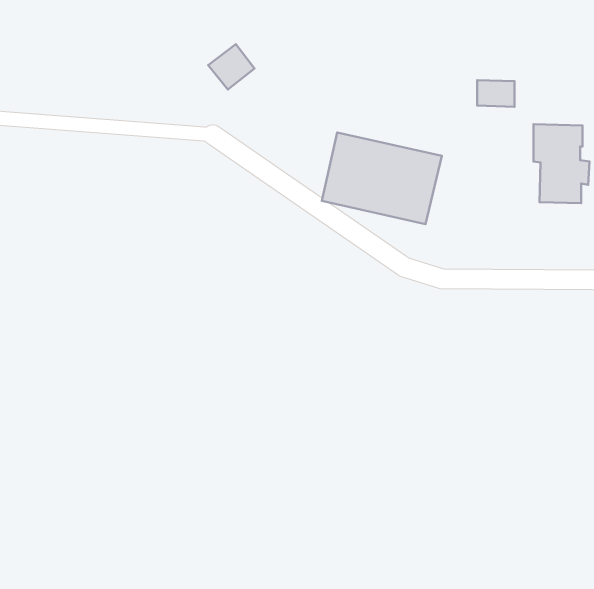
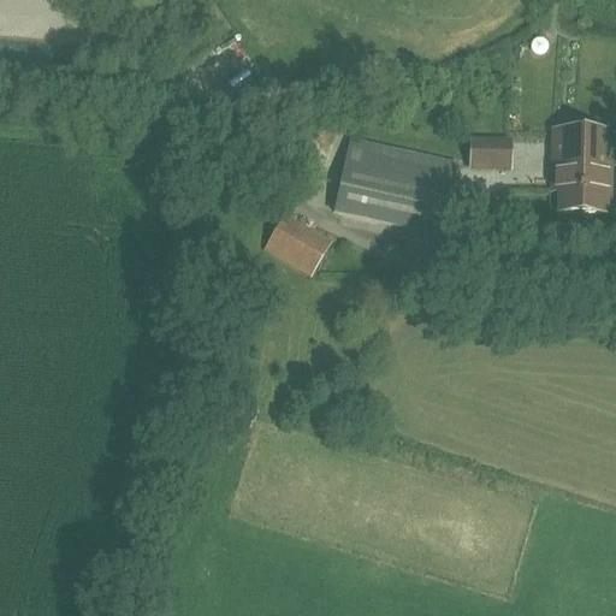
building: [477,80,514,107] -> [470,138,509,166]
building: none -> [265,213,331,273]

